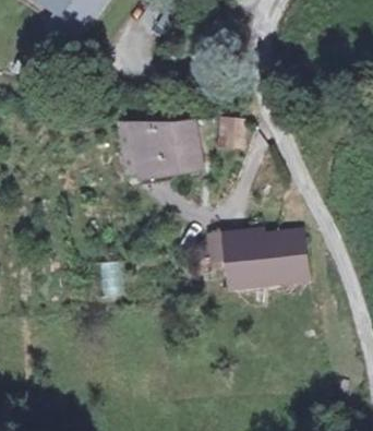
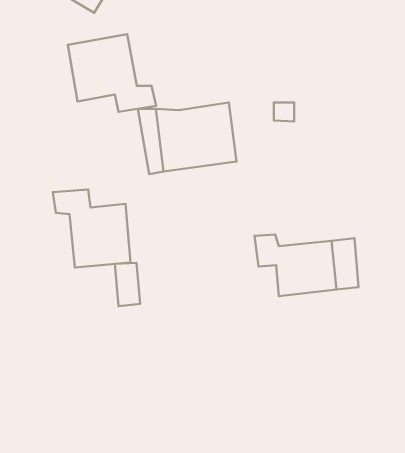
building: none -> [68,34,156,112]
building: none -> [53,189,131,268]

